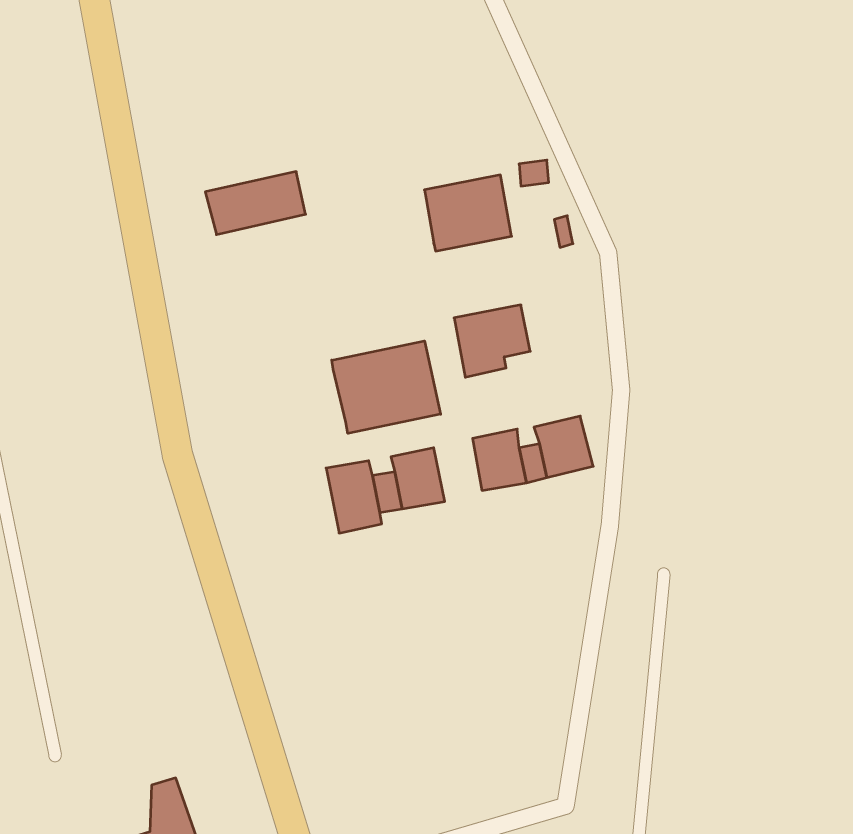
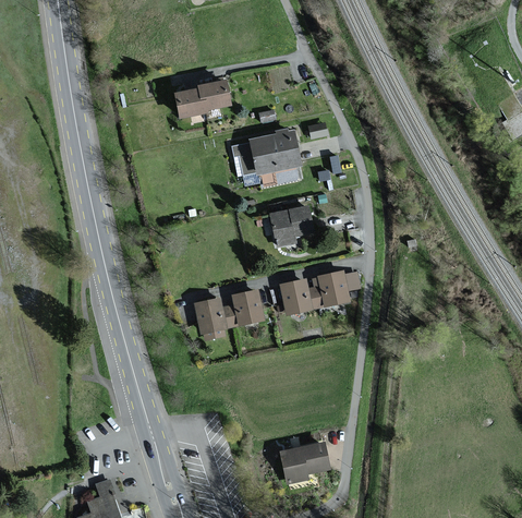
building: [205,172,306,235] -> [174,80,233,117]
building: none -> [230,143,257,173]
building: [332,341,441,433] -> none
building: none -> [280,443,327,481]

